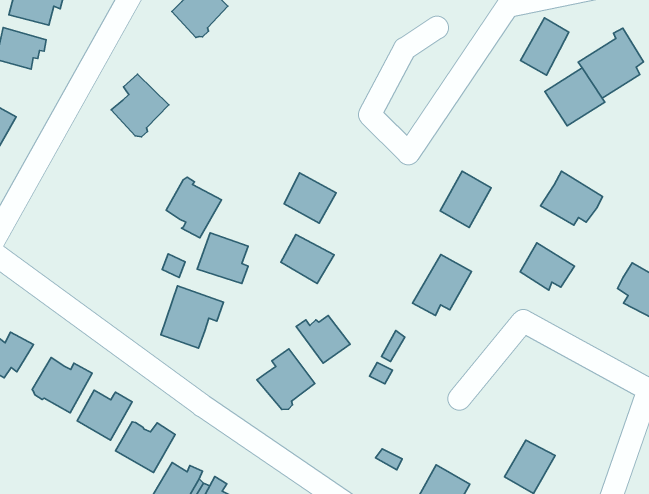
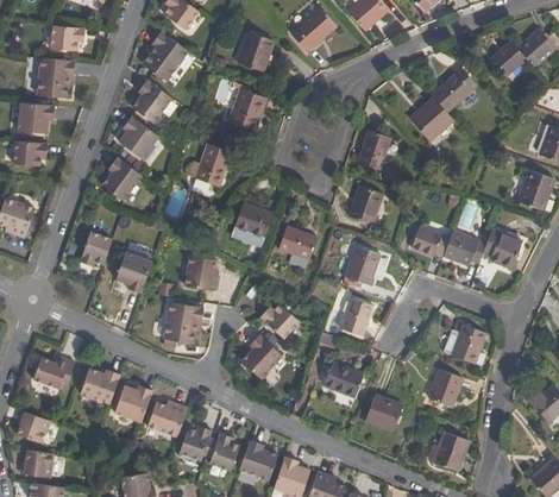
building: none -> [226,88,262,130]
building: [520,18,569,75] -> [356,130,387,170]
building: none -> [119,115,158,158]
building: none -> [194,143,232,188]
building: none -> [80,231,111,263]
building: [540,171,602,225] -> [442,227,485,264]
building: [166,177,222,238] -> [113,250,151,291]
building: [281,235,334,284] -> [278,228,315,260]
building: none -> [338,297,371,335]
building: none -> [451,321,482,360]
building: none -> [322,361,360,394]

